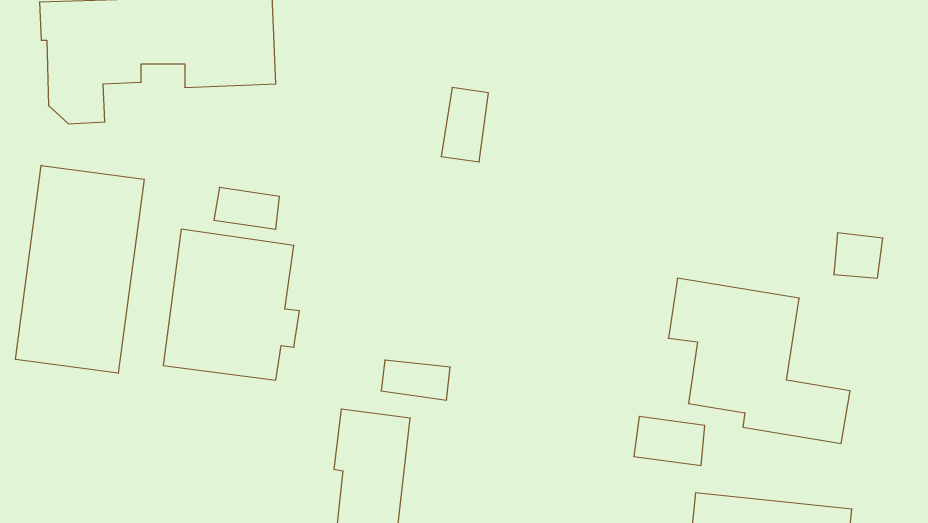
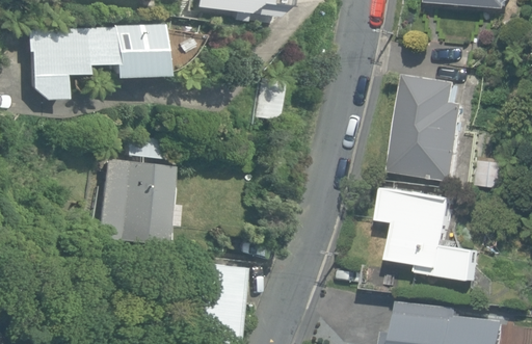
building: none -> [392,75,469,181]
building: [15,165,144,373] -> none

